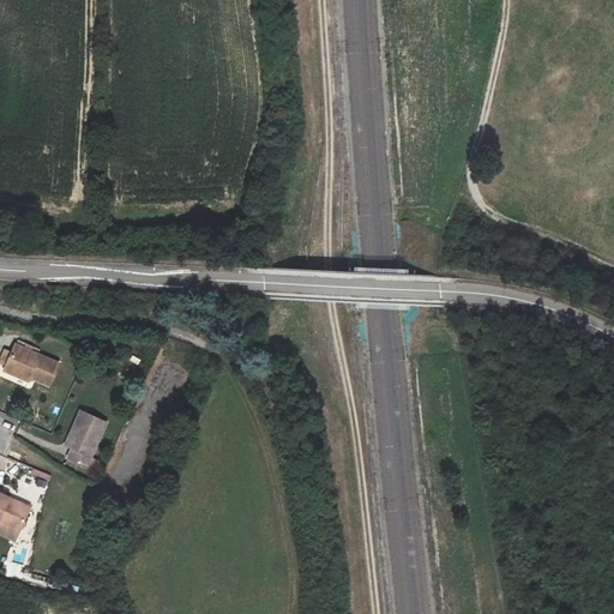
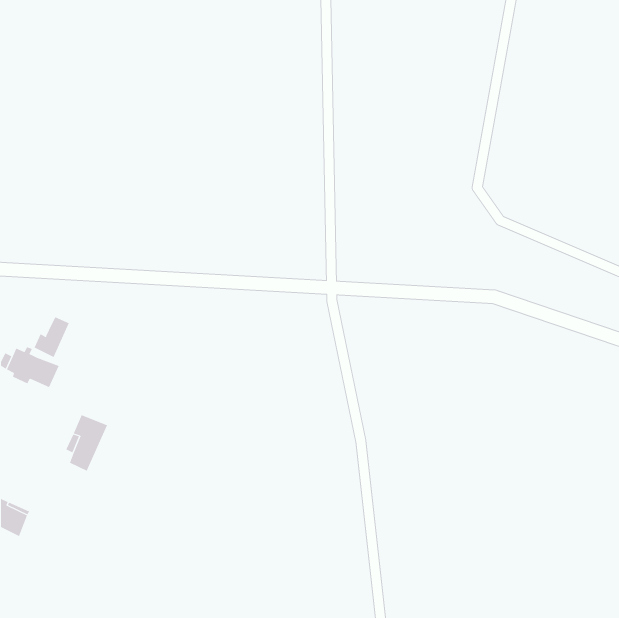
building: none -> [34,317,70,358]

